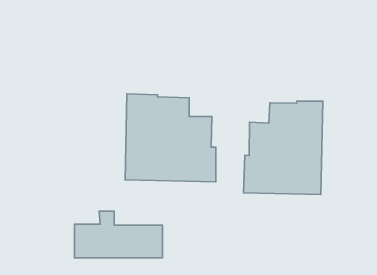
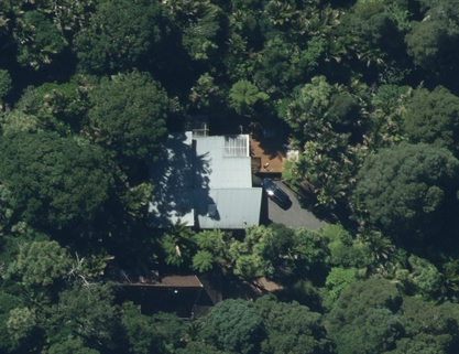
building: [243,101,323,194] -> none

